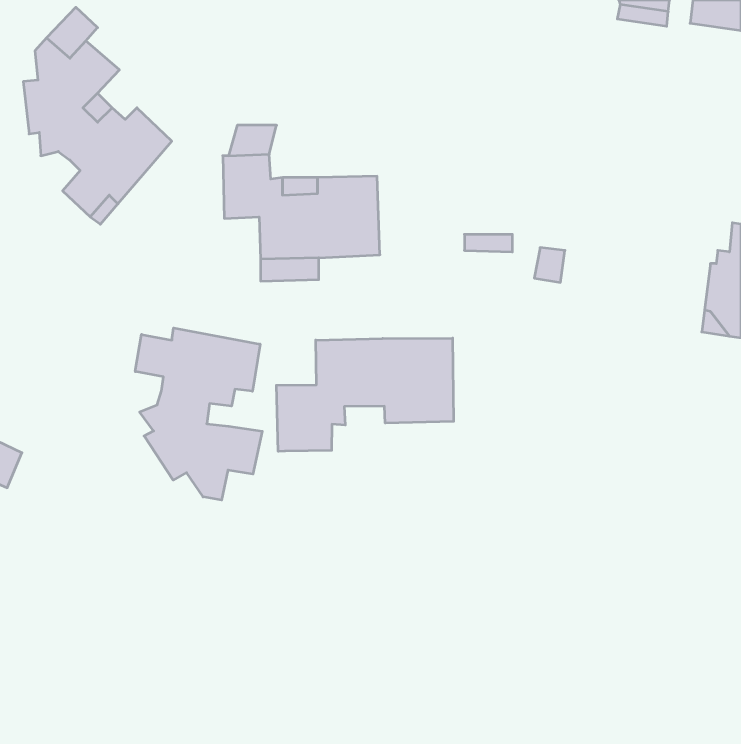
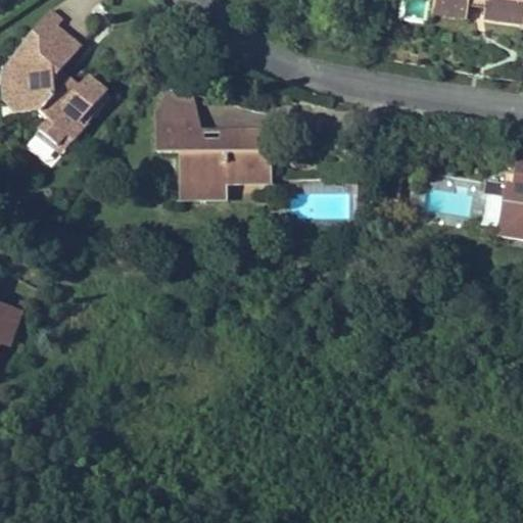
building: none -> [5,57,49,117]
building: [135,328,262,500] -> none
building: [276,338,454,451] -> none

